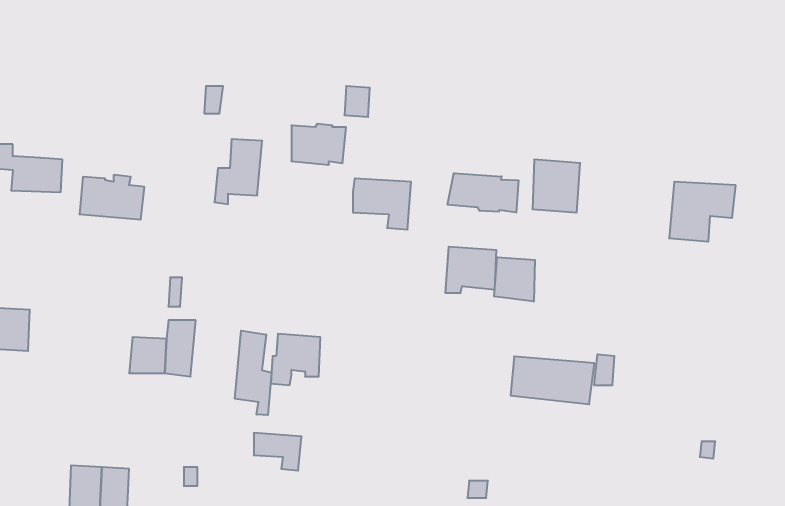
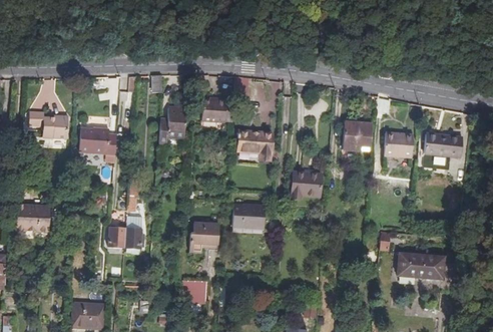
building: [448,173,518,213] -> none
building: none -> [384,132,413,157]
building: [494,257,535,302] -> none
building: none -> [232,206,265,229]
building: [235,331,272,415] -> none
building: [511,356,594,404] -> [397,253,446,281]

